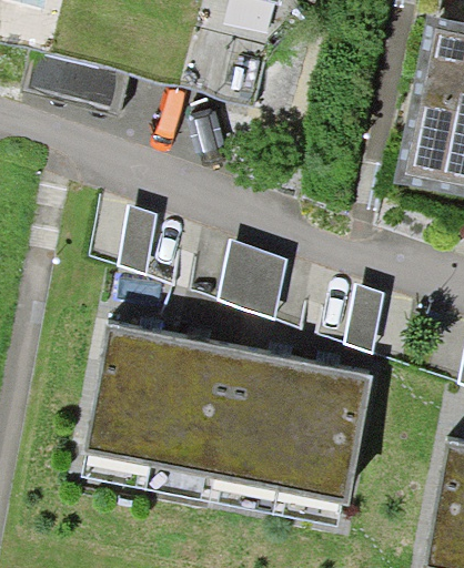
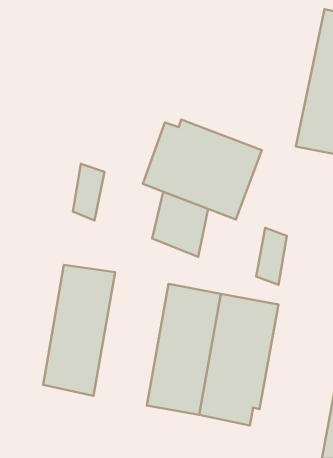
building: none -> [143,119,262,219]
building: [145,336,238,500] -> none

